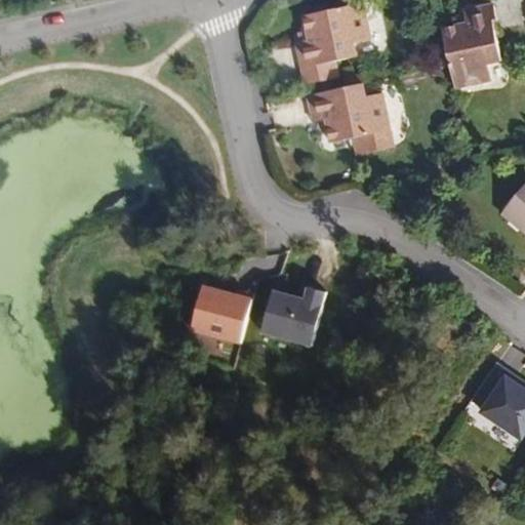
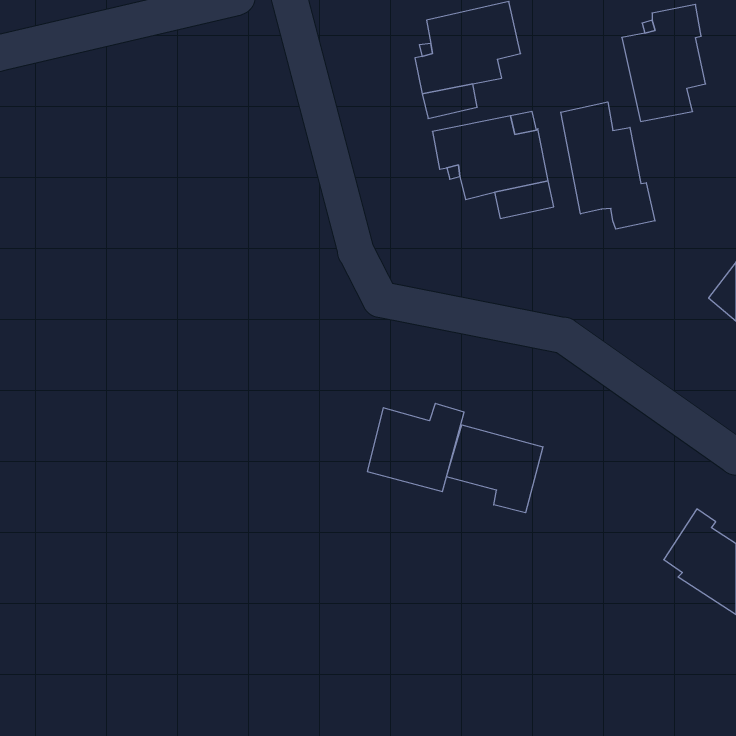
building: none -> [561,102,655,229]
building: [191,284,252,345] -> none
building: none -> [446,425,543,513]

